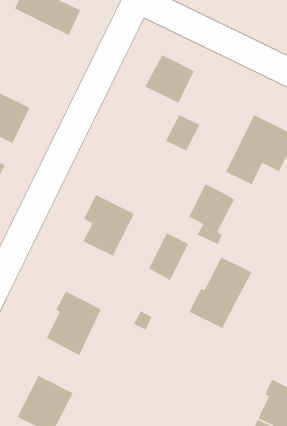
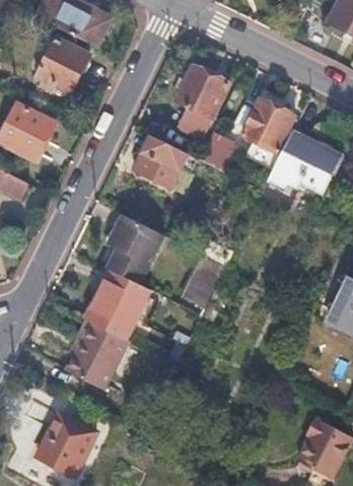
building: none -> [30,37,86,93]
building: none -> [134,135,187,188]
building: [188,183,235,245] -> [243,97,294,164]
building: none -> [89,267,152,339]
building: [189,257,253,329] -> none

